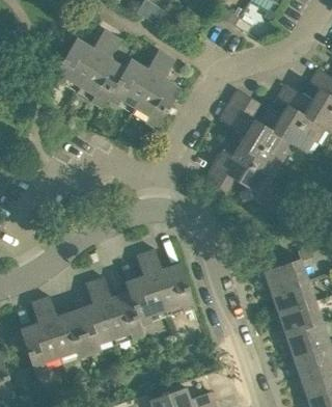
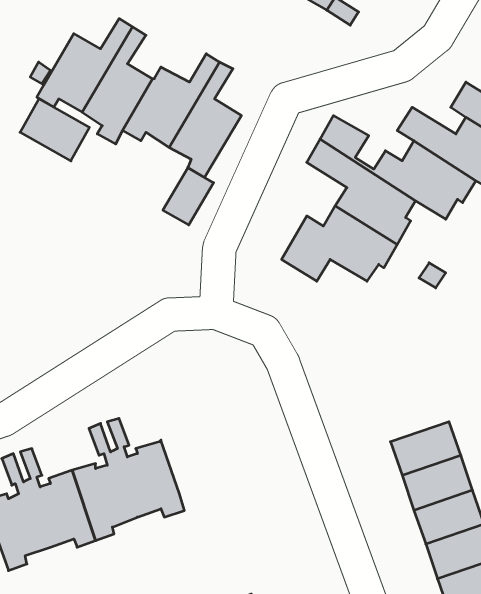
building: none -> [20,99,89,161]
building: none -> [163,168,214,225]
building: [123,248,194,324] -> none
building: [262,257,307,292] -> none

